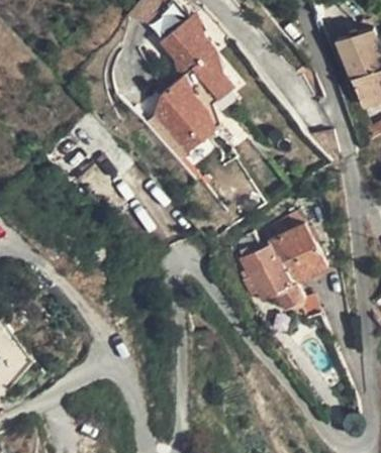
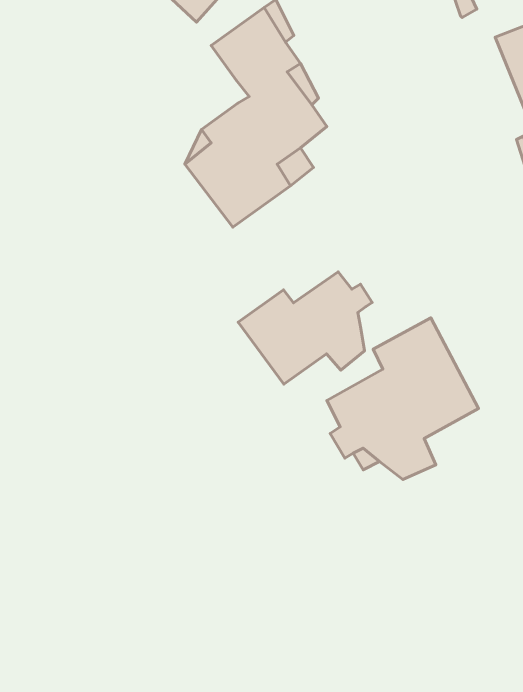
building: none -> [238,272,372,384]

